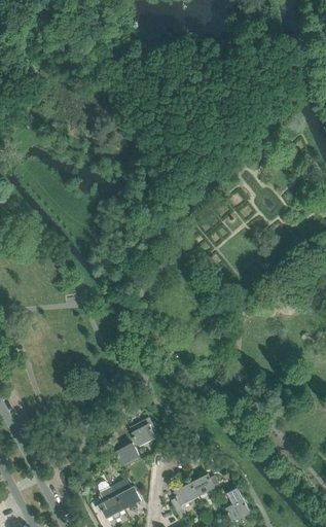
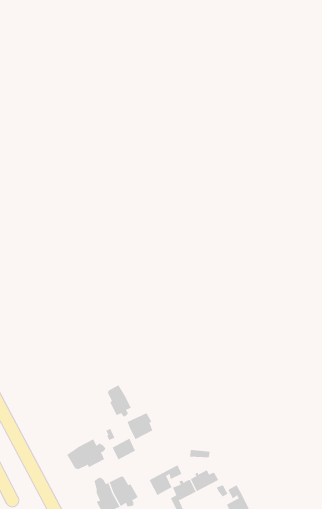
building: none -> [107,385,131,418]
building: none -> [67,438,106,470]
building: none -> [149,465,182,496]

